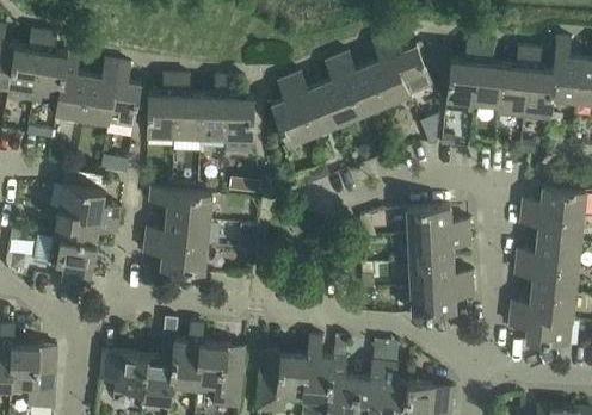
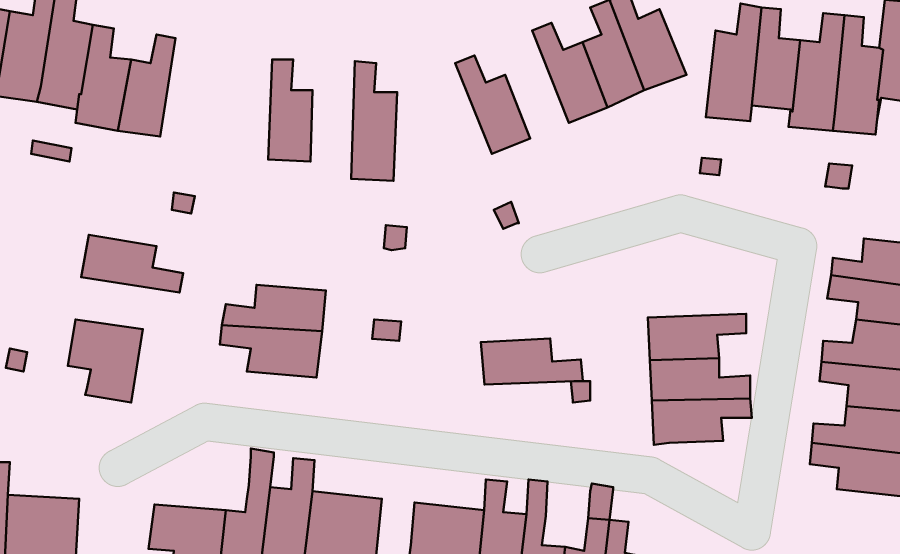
building: [321,57,360,124] -> none
building: [107,62,141,128] -> none
building: [148,75,177,137] -> none
building: [201,76,228,149] -> none
building: [272,78,313,144] -> none
building: [150,187,212,218] -> none
building: [407,206,470,235] -> [481,338,583,385]
building: [55,210,119,242] -> none

